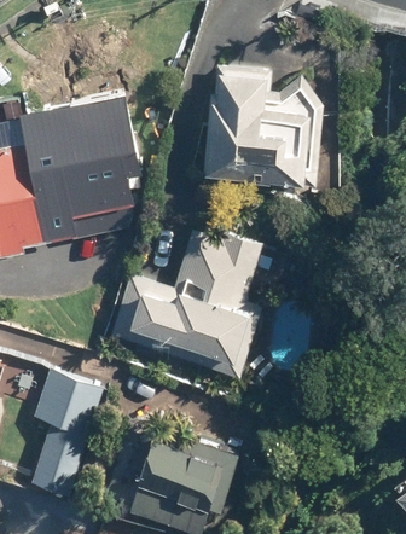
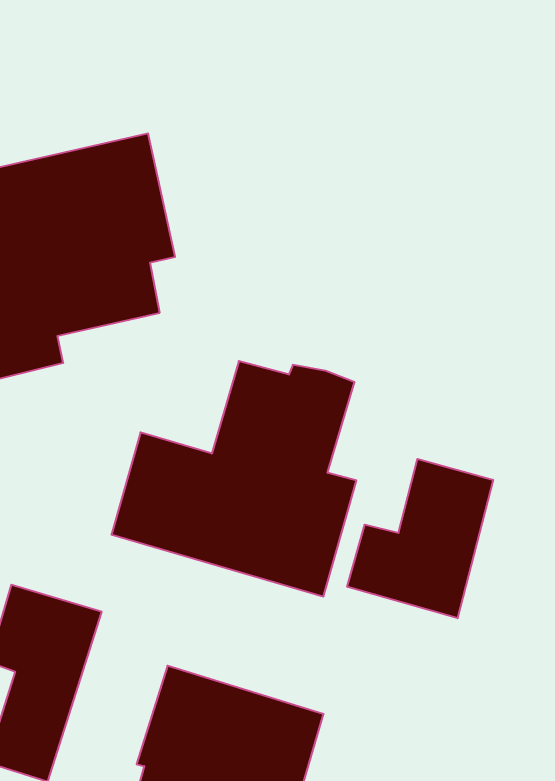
building: [199,69,326,188] -> none
building: none -> [347,459,493,618]

